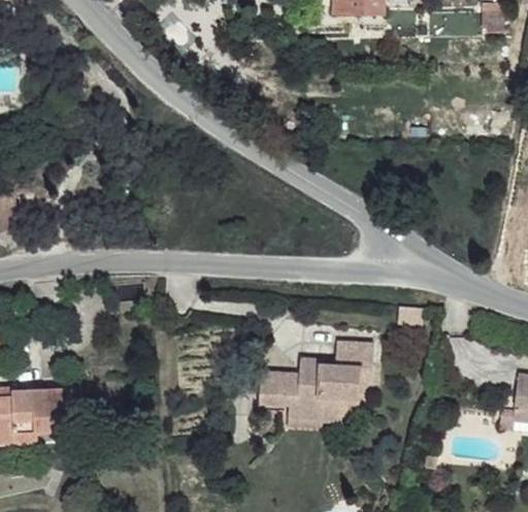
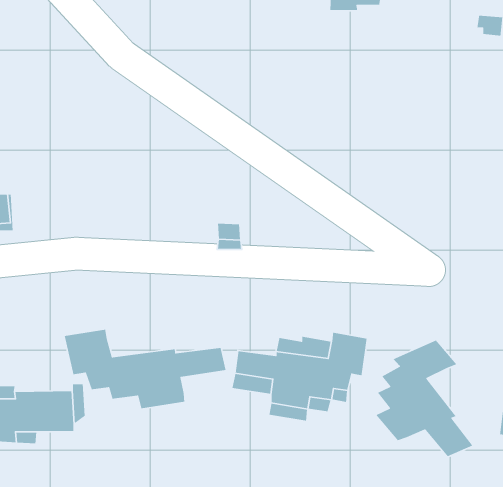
building: none -> [64,329,227,409]
building: none -> [375,340,474,457]

